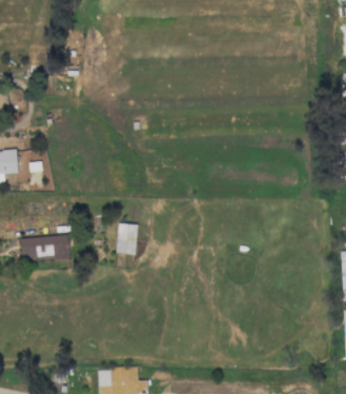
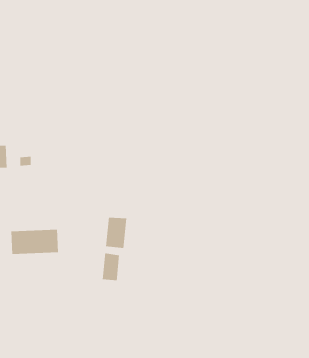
building: none -> [102,253,120,281]

